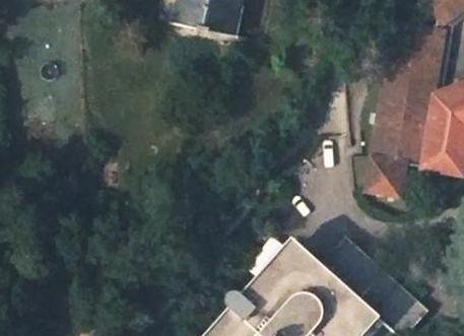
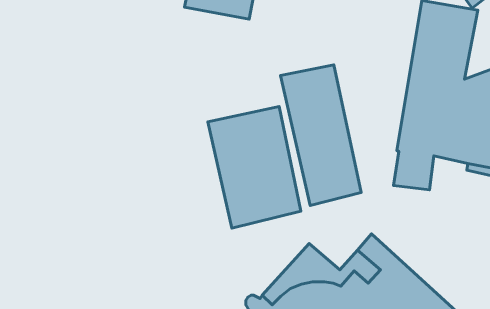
building: none -> [281,65,361,205]
building: none -> [208,107,301,228]

